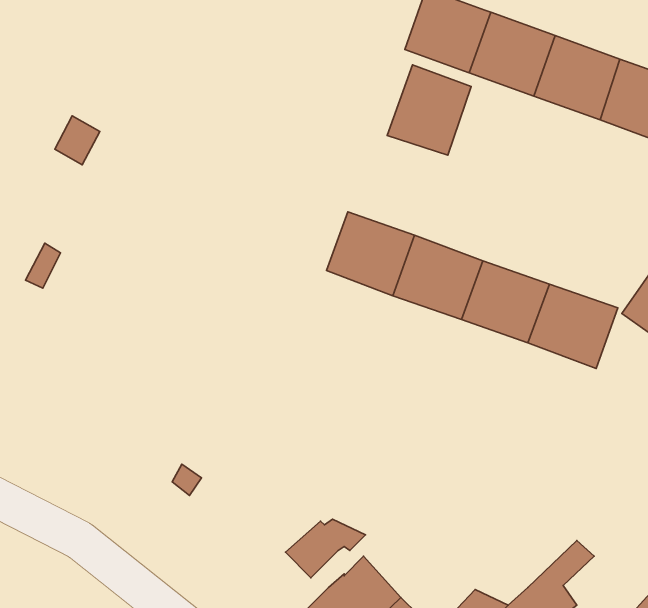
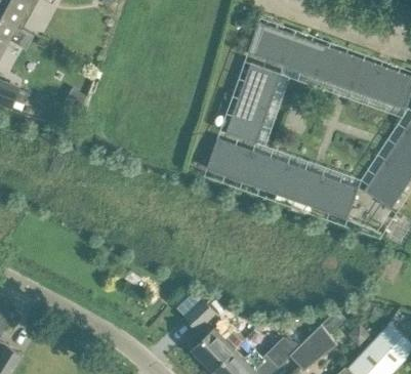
building: none -> [224,99,269,147]

